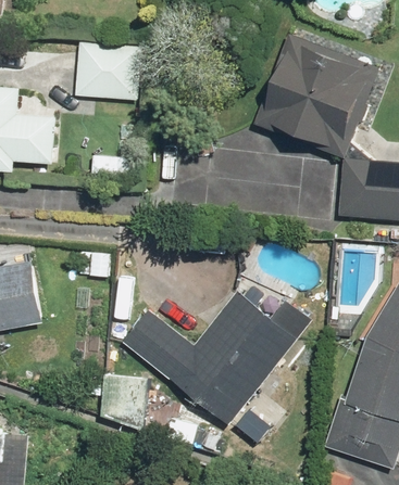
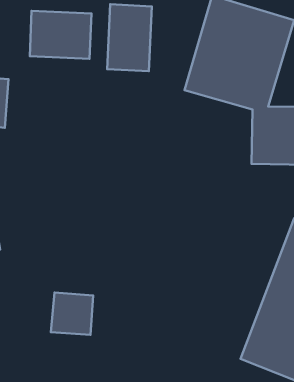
building: none -> [107,4,152,71]
building: [121,286,303,429] -> none

